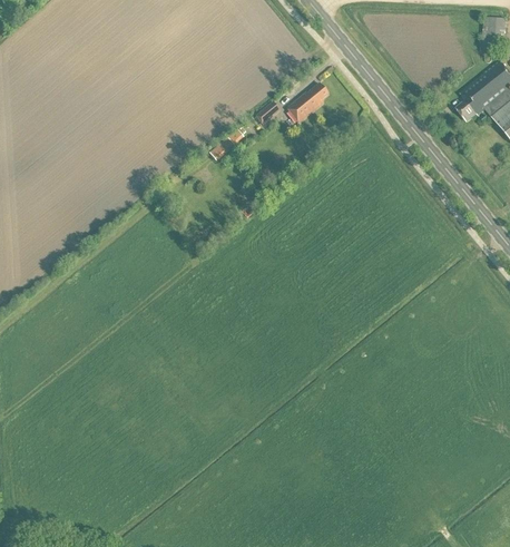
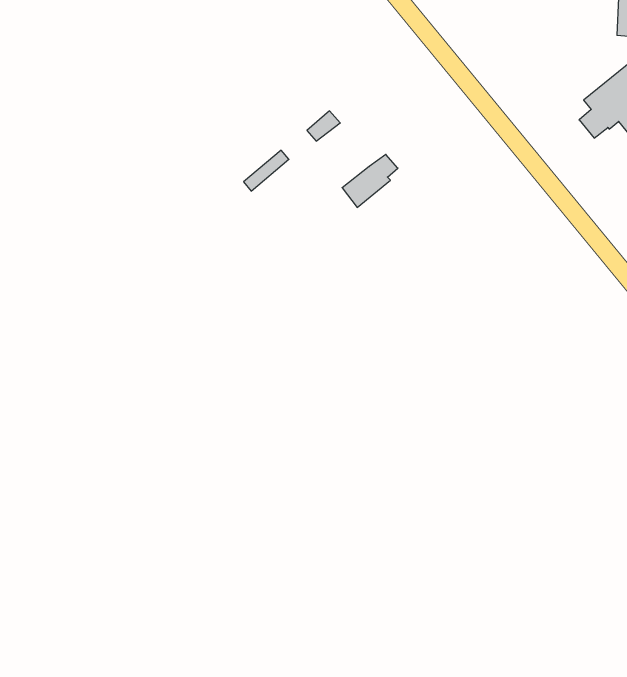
building: [286,84,327,123] -> [342,154,398,207]

